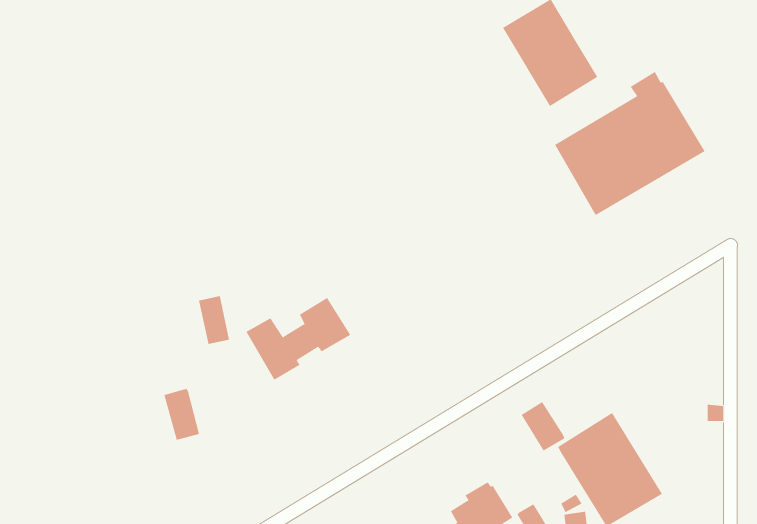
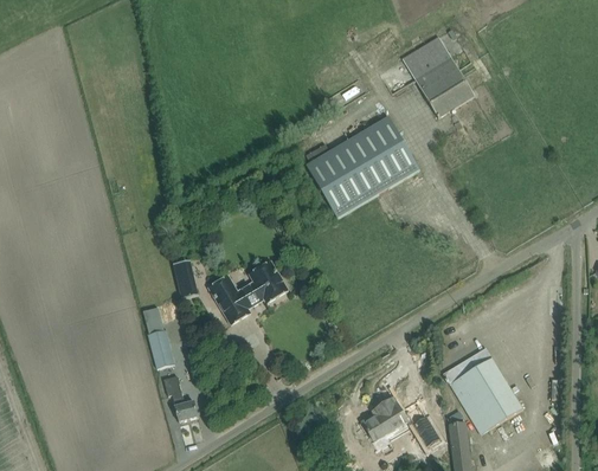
building: [554,71,705,216] -> [306,109,419,218]
building: [521,401,565,452] -> none
building: none -> [162,374,197,421]

